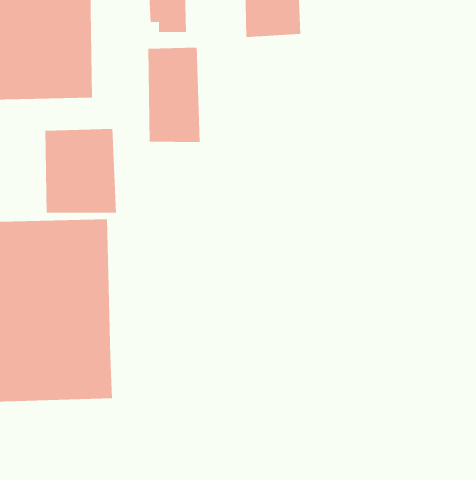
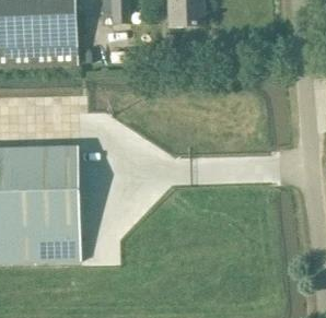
building: [148,47,200,143] -> none
building: [45,128,117,213] -> none

